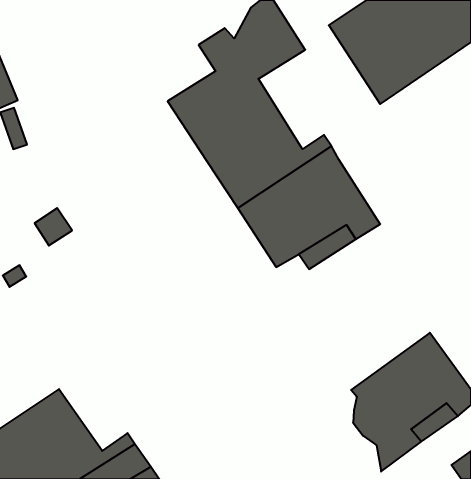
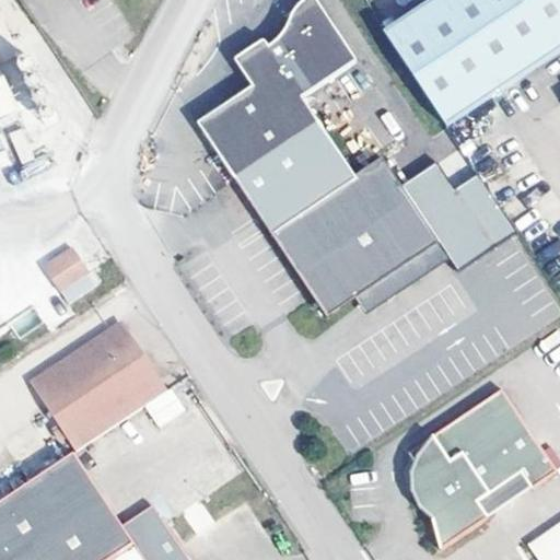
building: none -> [396,162,521,279]
building: none -> [26,326,168,450]

